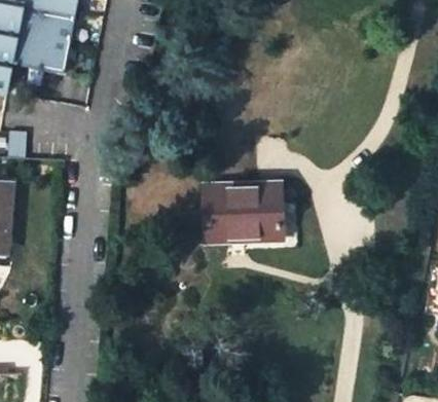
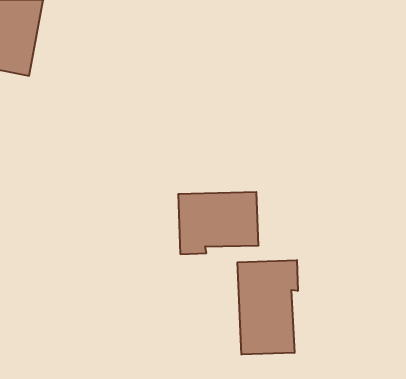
building: none -> [238,260,298,355]

